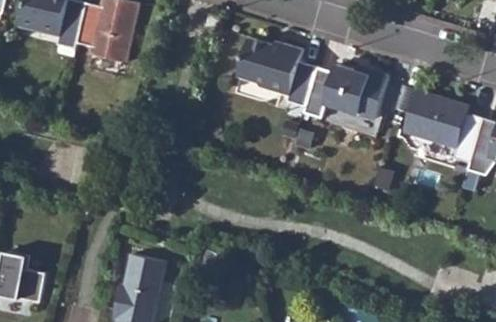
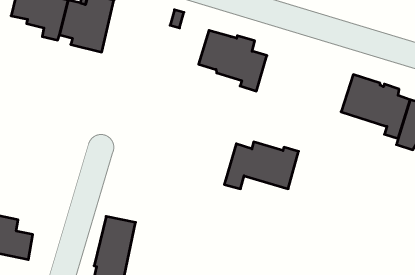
building: [302,64,388,118] -> [224,142,299,189]

